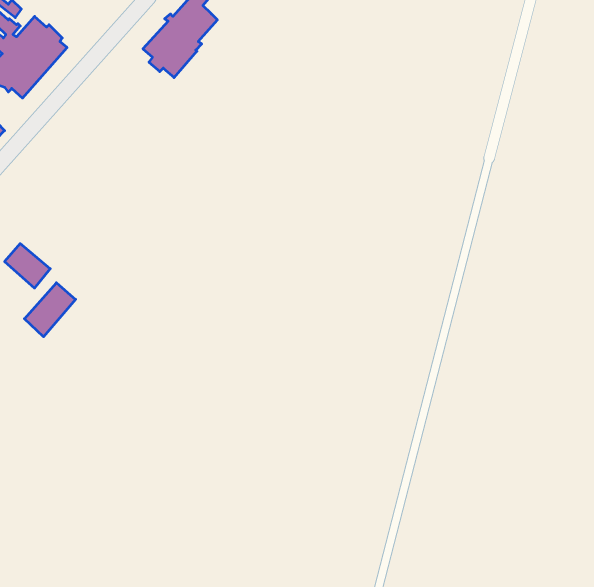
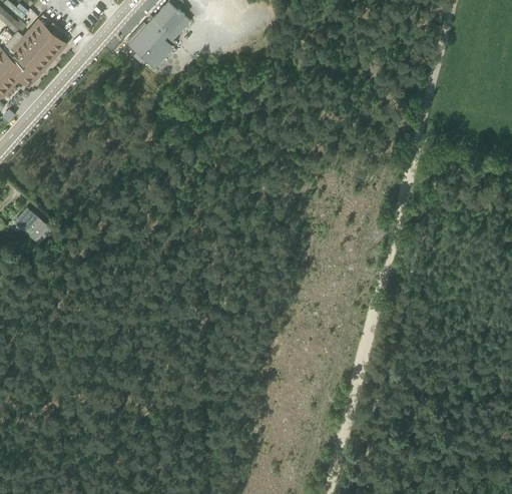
building: [24,283,76,337] -> none

